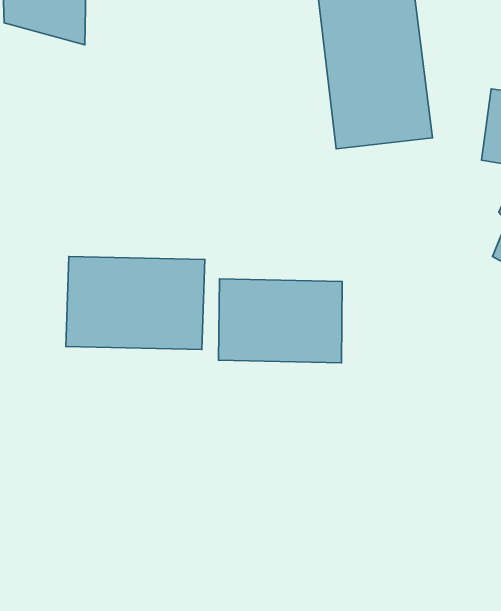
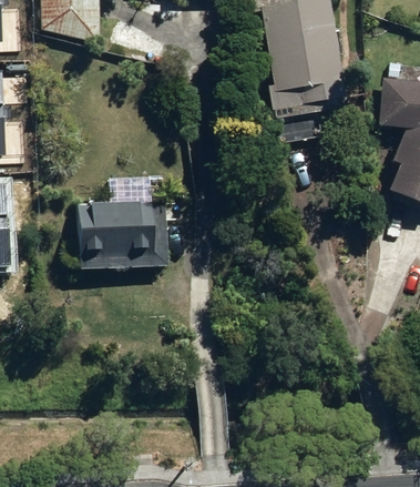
building: [218,279,342,363] -> none

